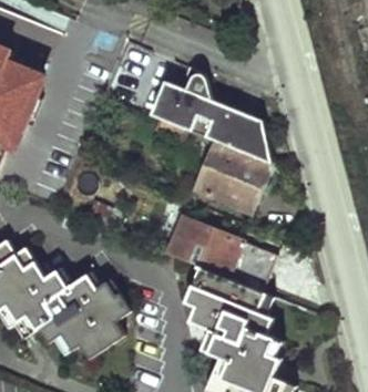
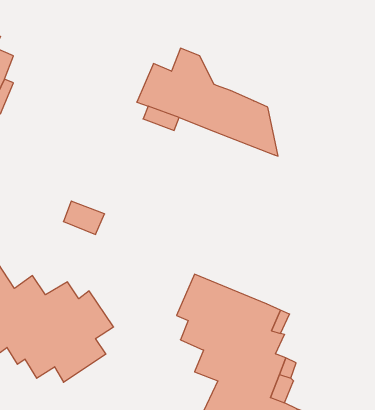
building: [196,142,267,213] -> none
building: [167,218,274,290] -> none

